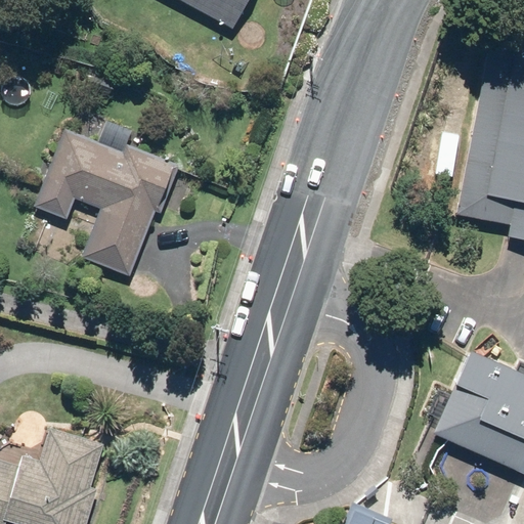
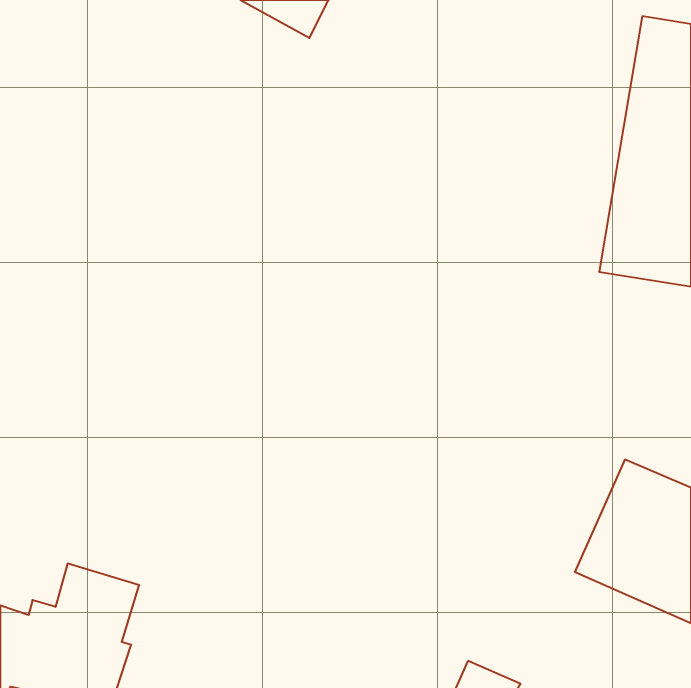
building: [36,122,180,276] -> none

